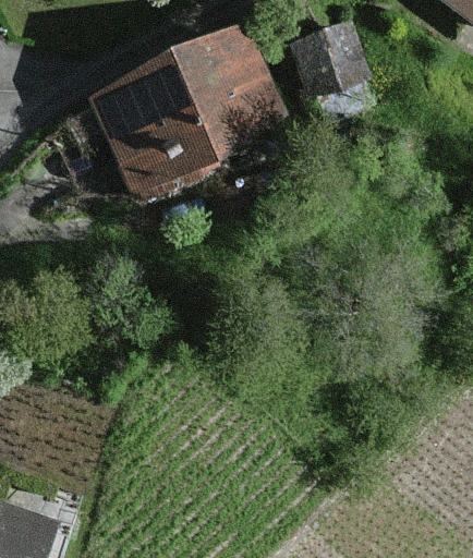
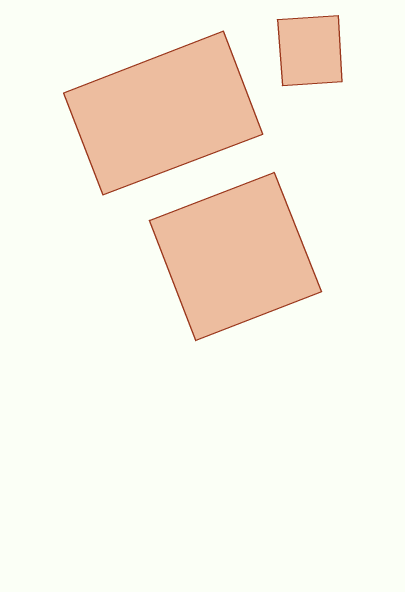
building: none -> [149,172,322,341]

